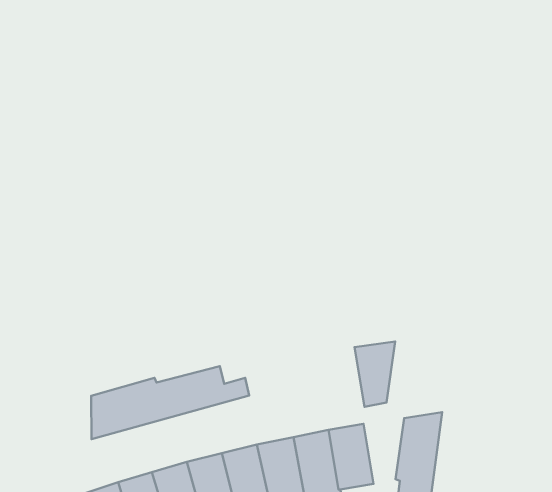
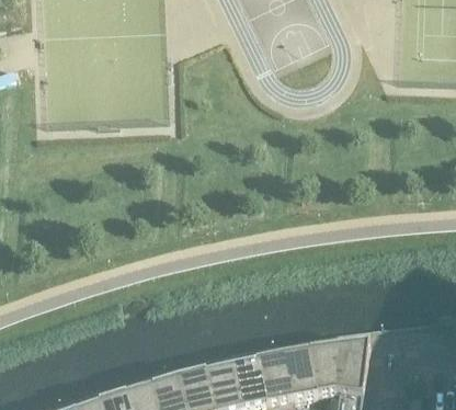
building: [354,341,395,407] -> [308,344,339,394]
building: [91,366,249,439] -> none

